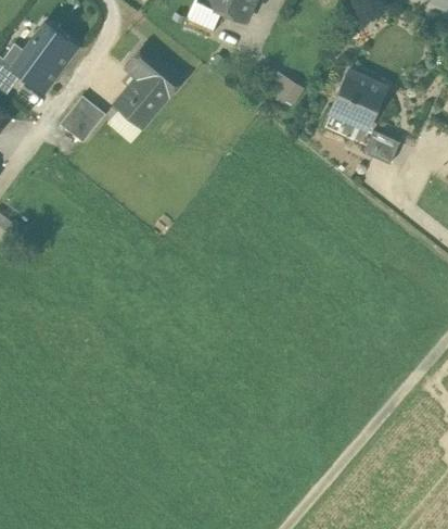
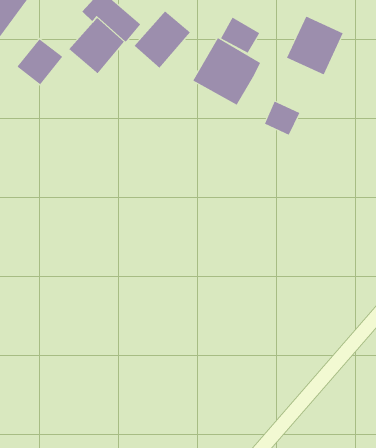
building: none -> [134,11,191,68]
building: none -> [193,37,261,106]
building: [363,130,399,165] -> [264,101,300,136]

